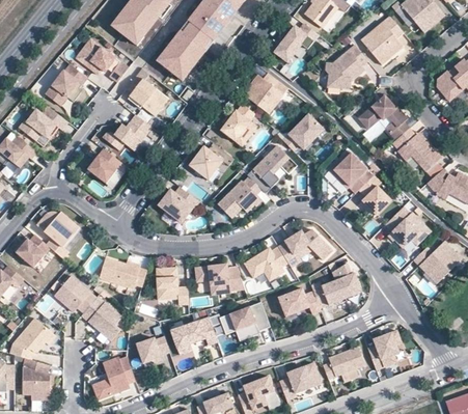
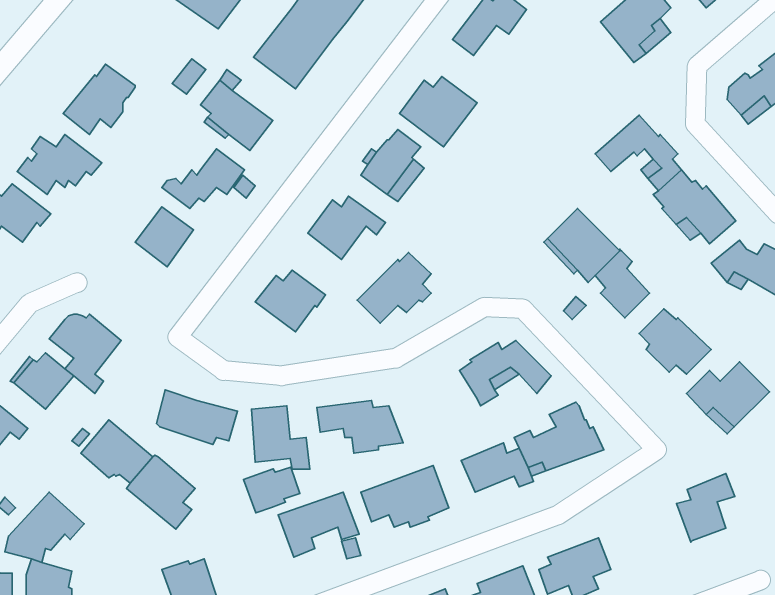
building: [80,39,115,76] -> none
building: [325,45,367,89] -> none
building: [282,113,324,150] -> none
building: [247,145,297,193] -> none
building: [244,246,288,280] -> none
building: [369,328,404,368] -> [677,474,735,542]
building: [137,337,170,364] -> [243,467,300,513]

